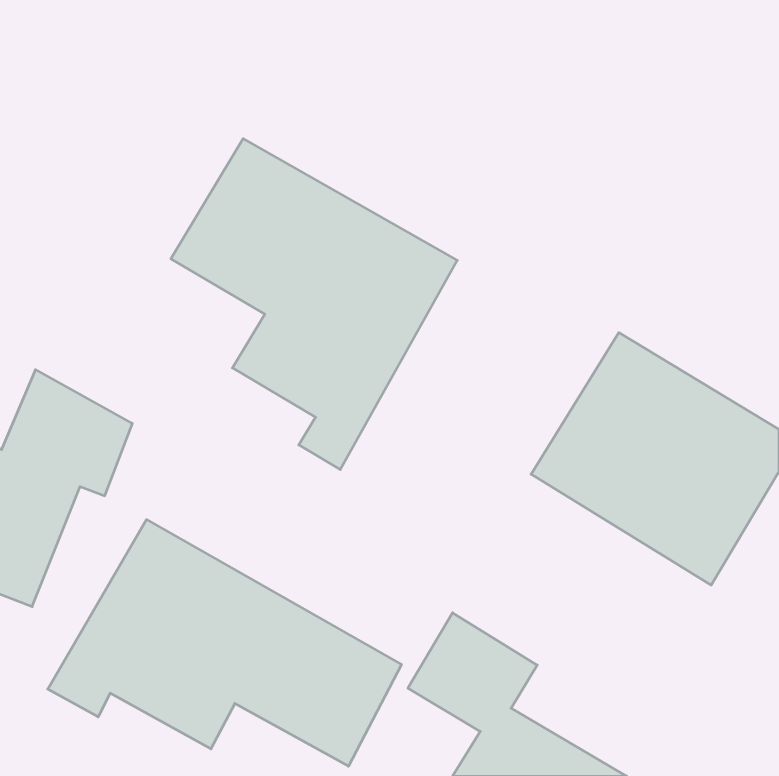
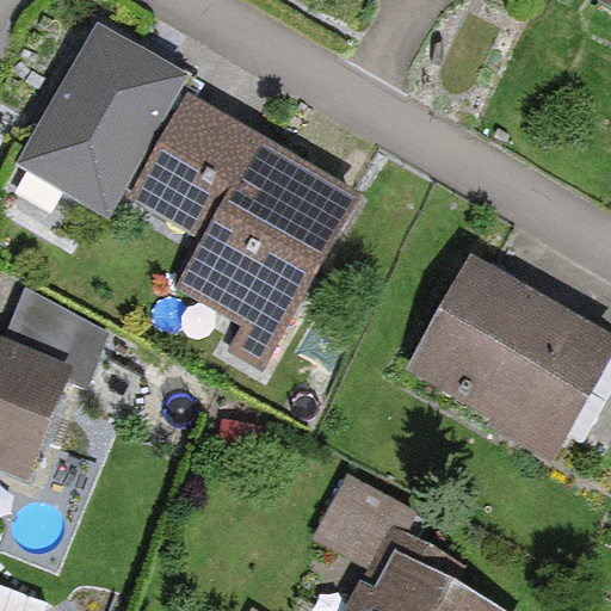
building: none -> [21,35,189,217]
building: [48,520,401,766] -> none

